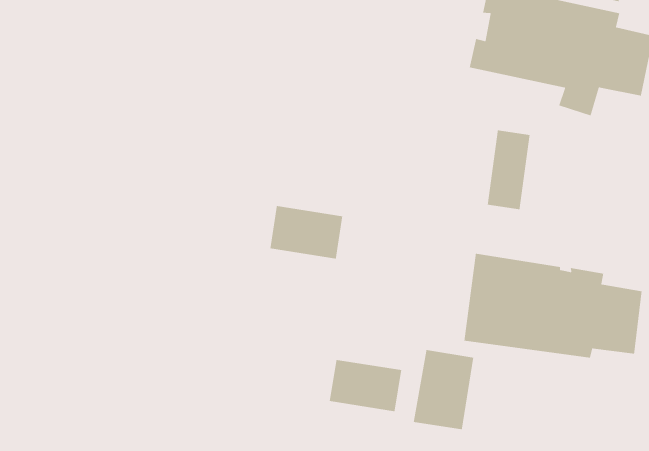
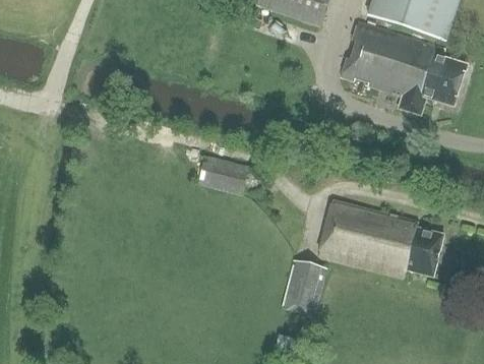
building: [487,130,530,210] -> none
building: [329,359,402,412] -> none

